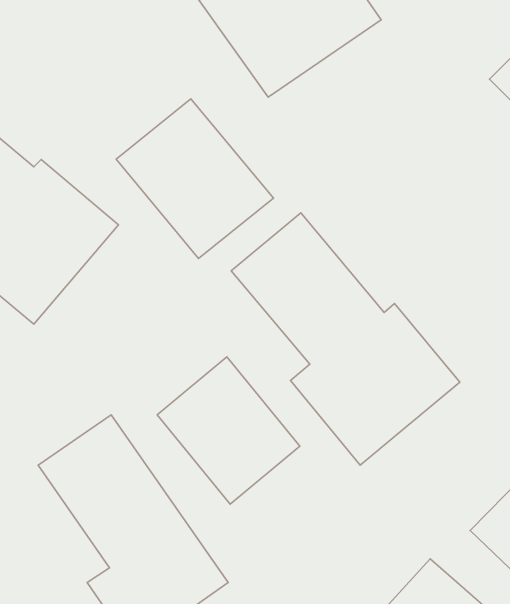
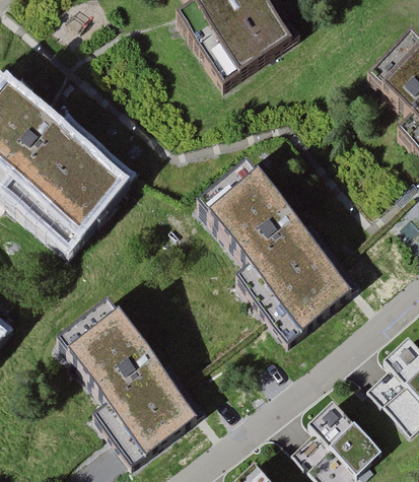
building: [116,99,273,258] -> none
building: [157,357,300,504] -> none

